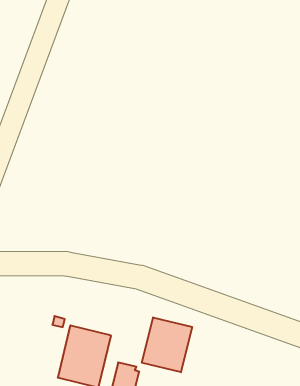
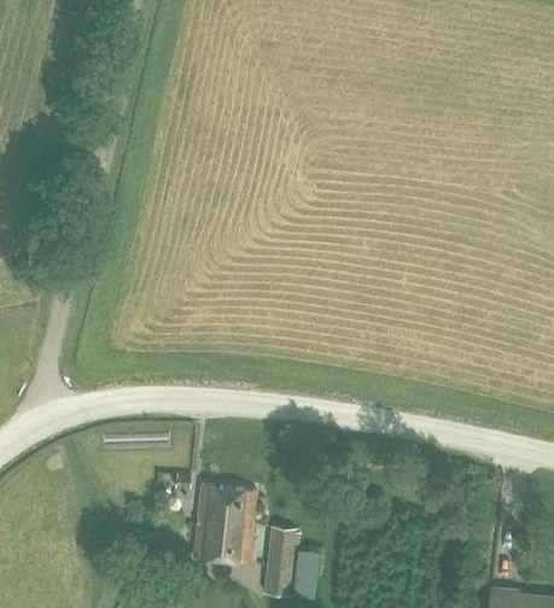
building: [142,317,192,372] -> none

